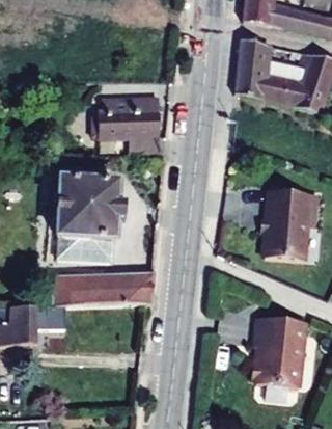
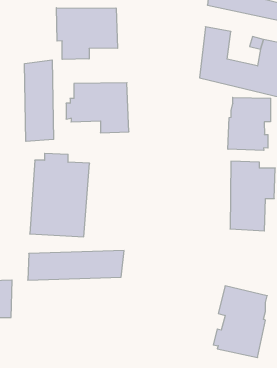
building: none -> [56,8,118,59]
building: none -> [25,60,54,141]
building: none -> [228,97,271,150]

